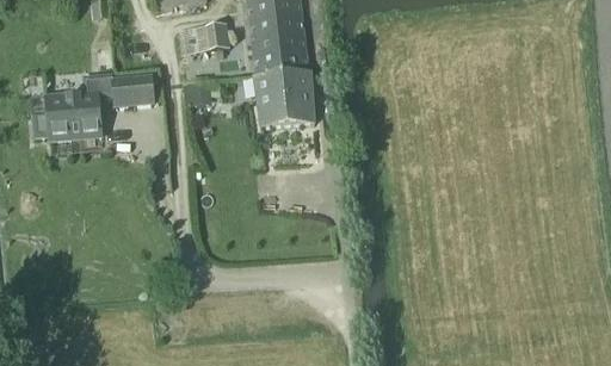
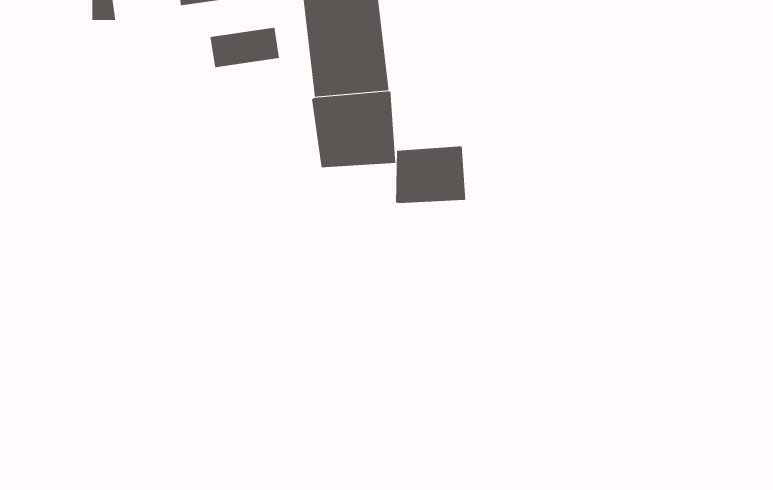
building: [31,72,154,138] -> none
building: none -> [396,145,466,204]

